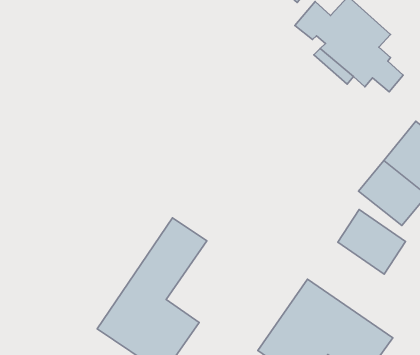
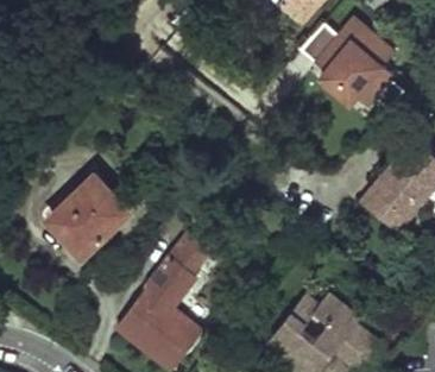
building: none -> [42,169,138,264]
building: [338,209,405,274] -> none

